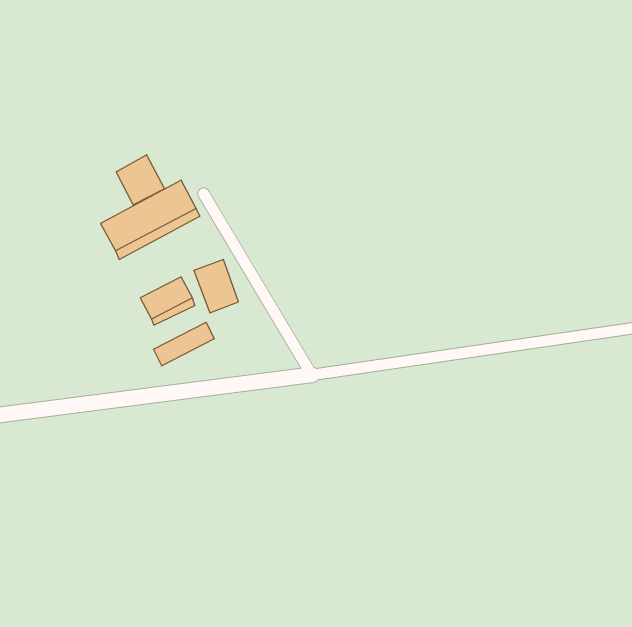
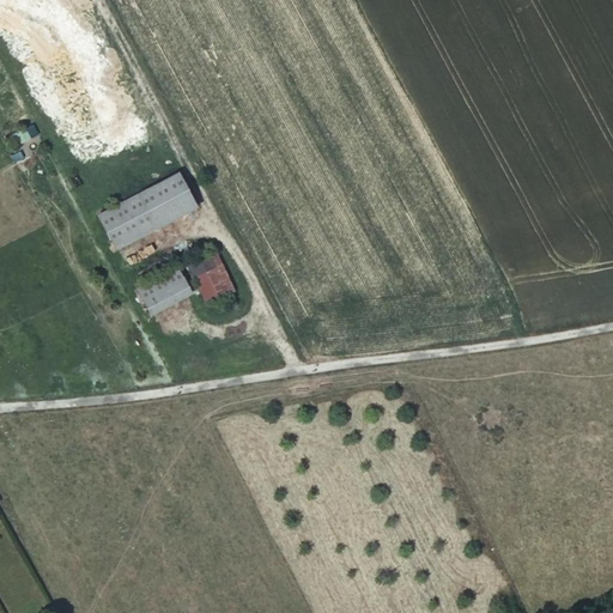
building: [116,155,164,205] -> none
building: [154,322,214,366] -> none

